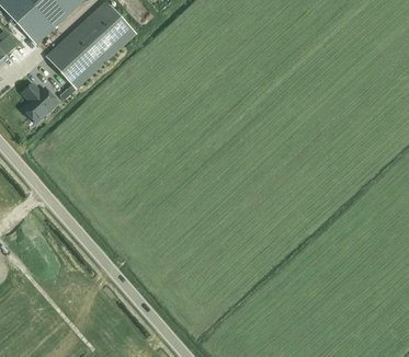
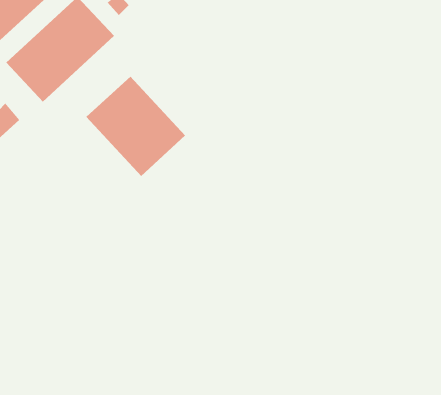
building: none -> [86,76,186,177]

